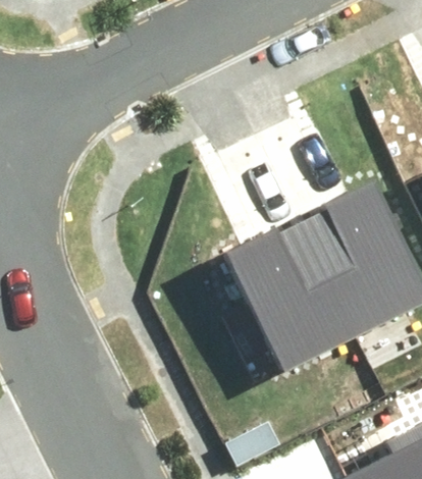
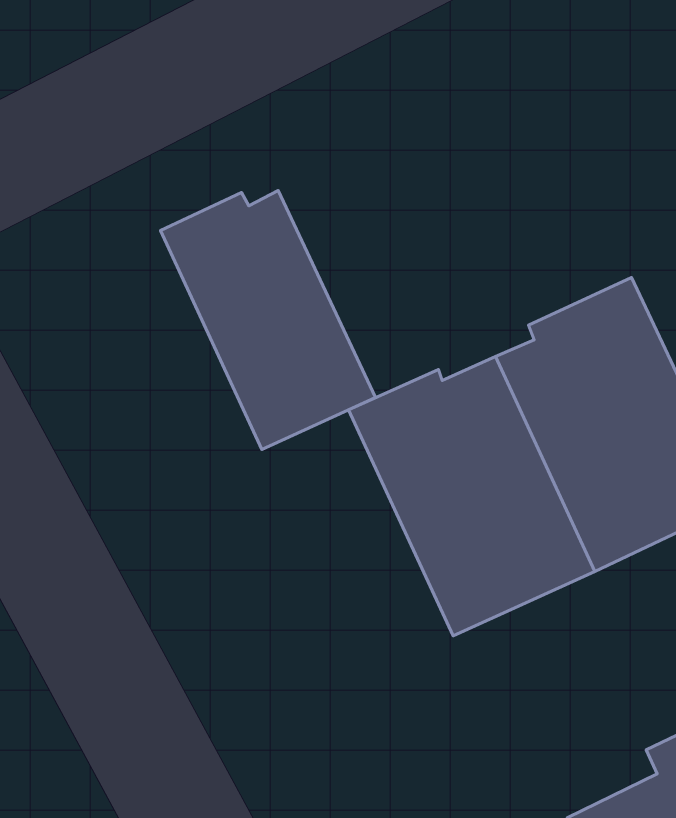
building: none -> [161,191,375,450]

